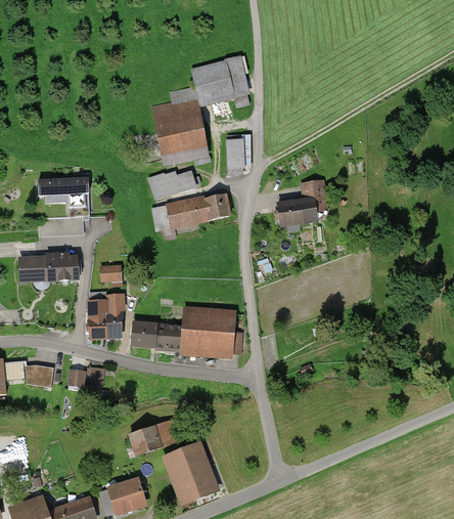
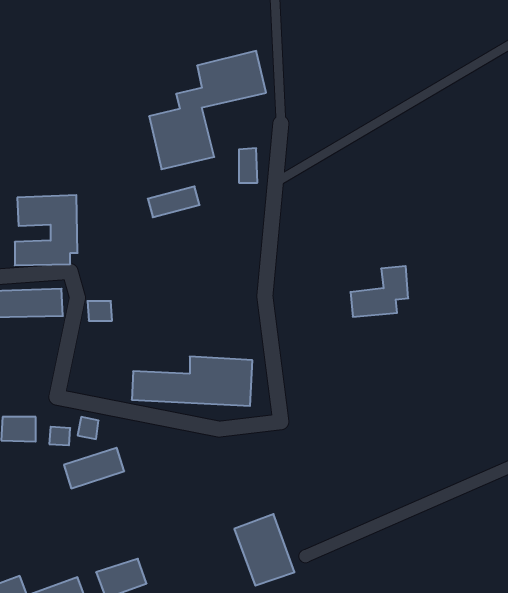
building: [276,182,324,224] -> [350,266,408,317]
building: [165,192,228,225] -> none
building: [88,297,122,337] -> none
building: [128,420,178,453] -> [64,448,124,488]
building: [166,441,216,501] -> [234,514,295,586]

